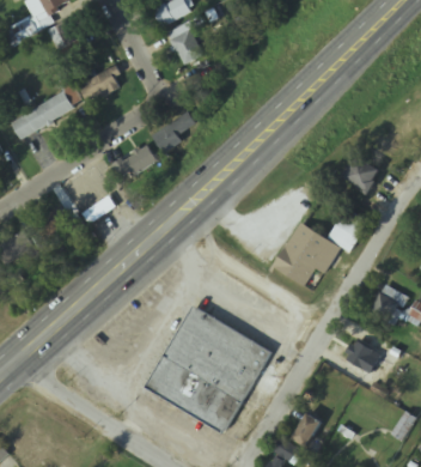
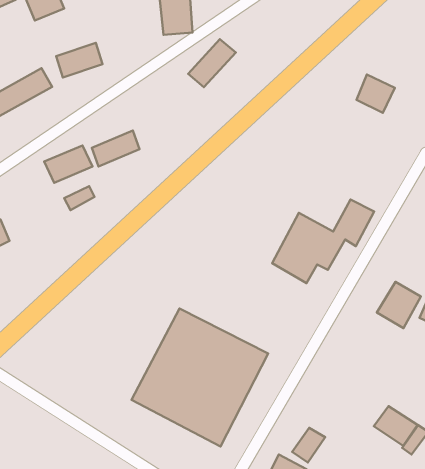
building: [153,109,196,152] -> [188,39,236,87]
building: [346,157,380,192] -> [356,74,395,113]
building: none -> [44,145,93,183]
building: [342,339,382,375] -> [374,406,418,446]

